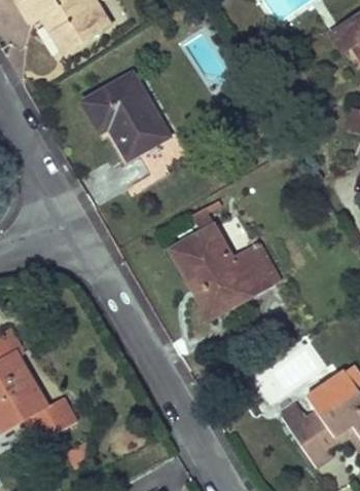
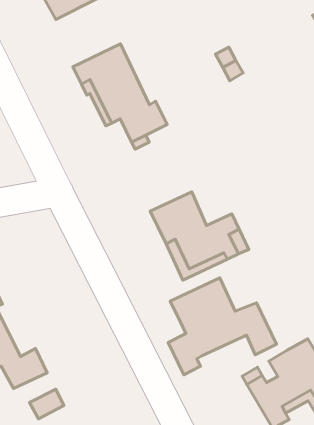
building: none -> [168,278,276,375]

